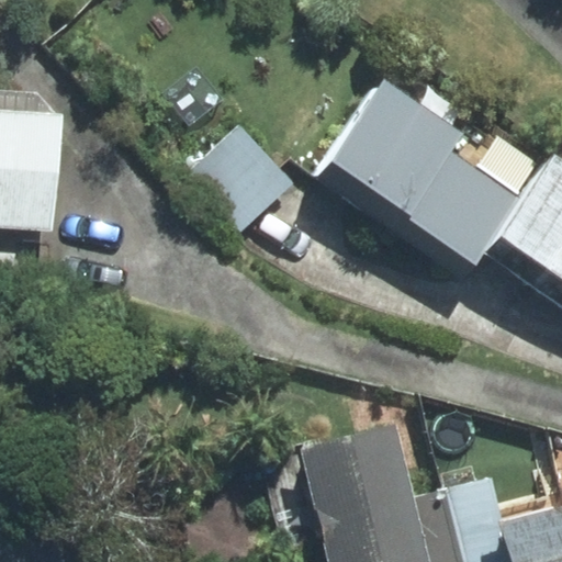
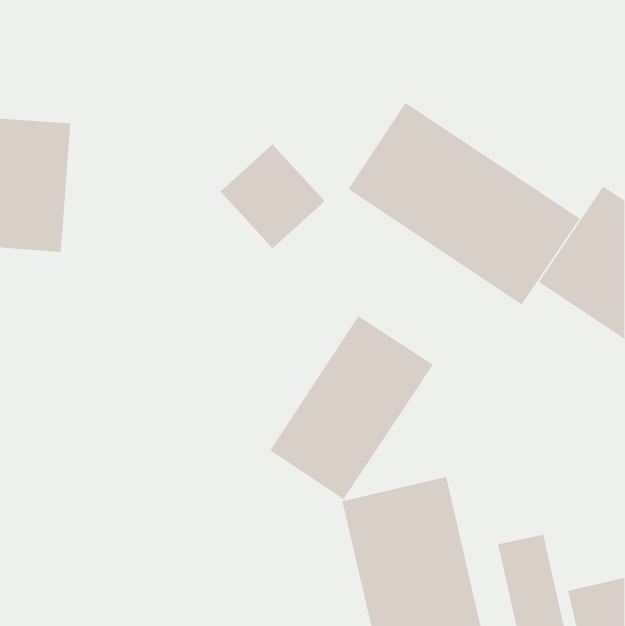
building: none -> [269,315,434,500]

